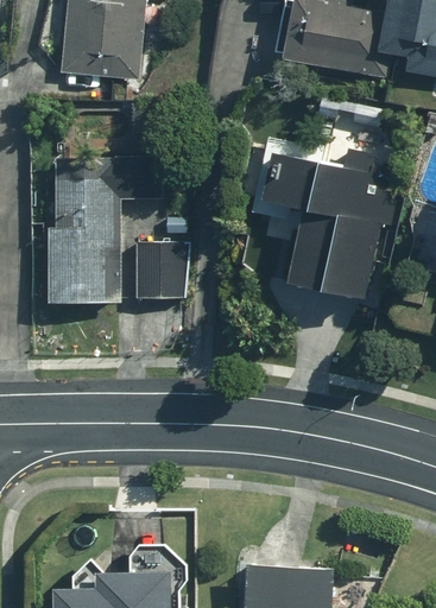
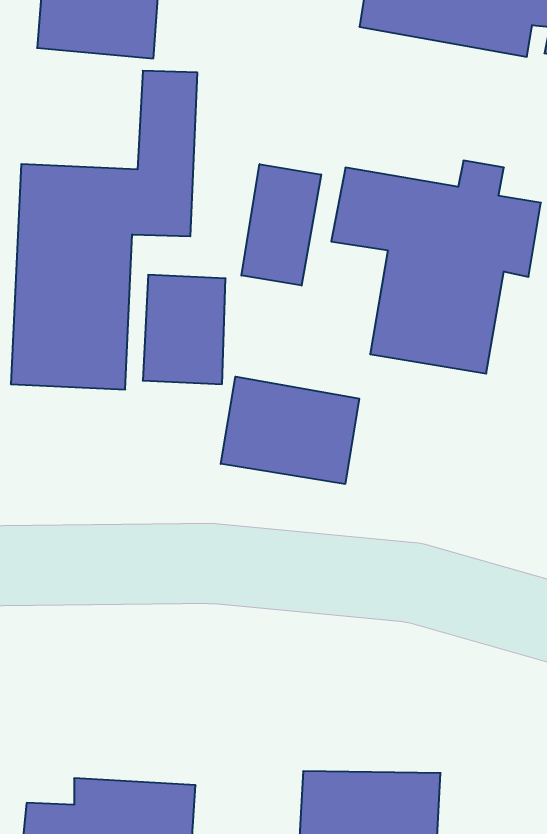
building: none -> [241,164,321,286]
building: none -> [221,377,359,484]

